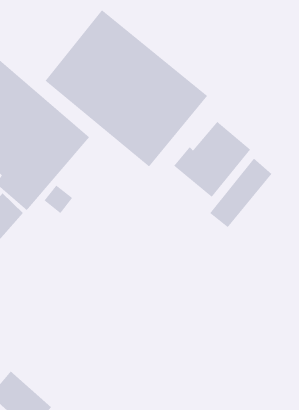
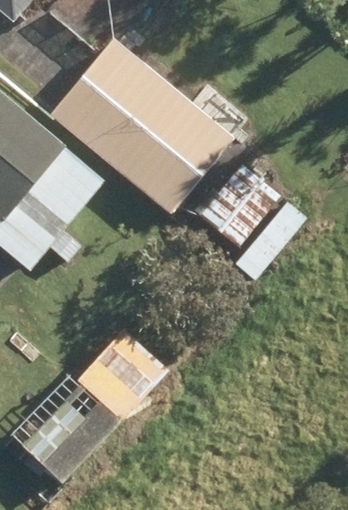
building: none -> [8,322,175,475]

